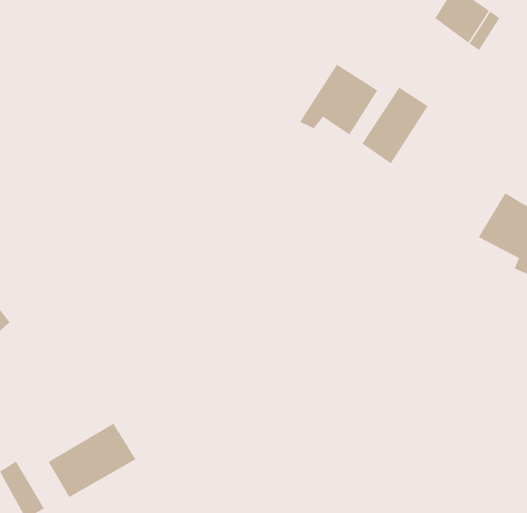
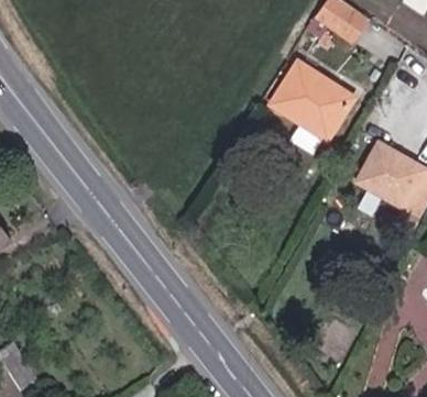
building: [299,64,378,135] -> [292,80,350,133]
building: [48,423,136,498] -> none

